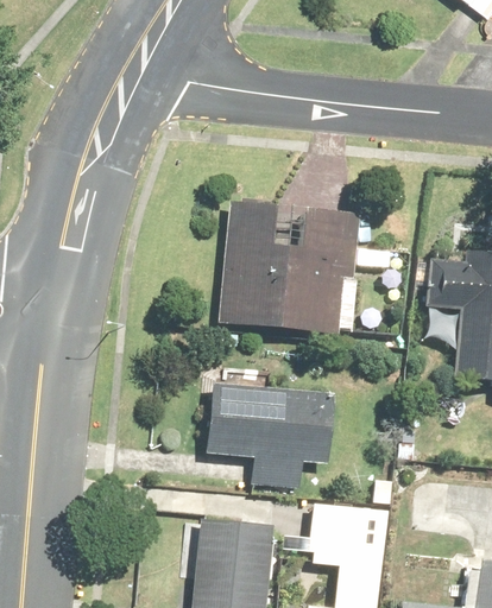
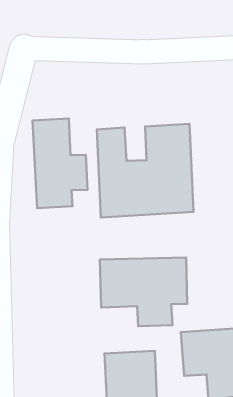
building: none -> [32,119,88,208]

